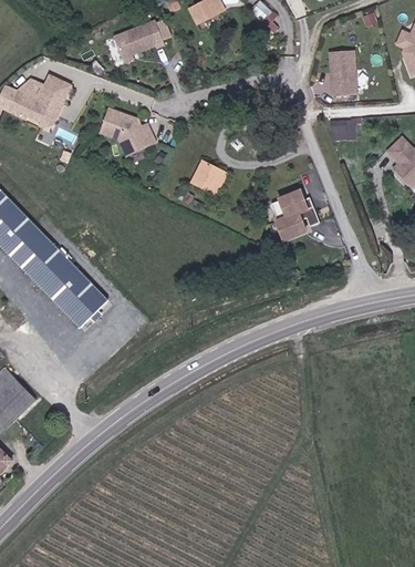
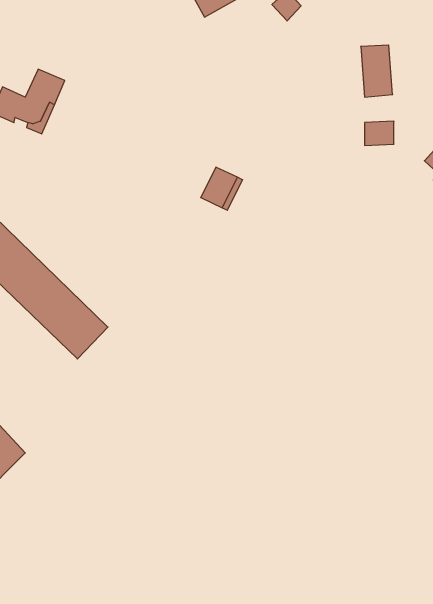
building: [108,19,163,61] -> none
building: [97,110,153,156] -> none
building: [273,187,309,241] -> none

